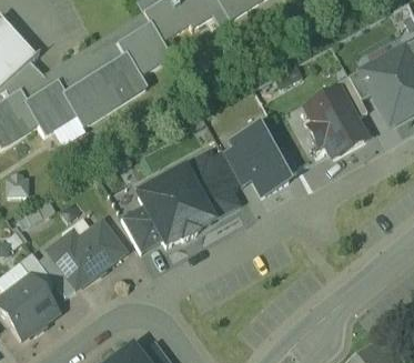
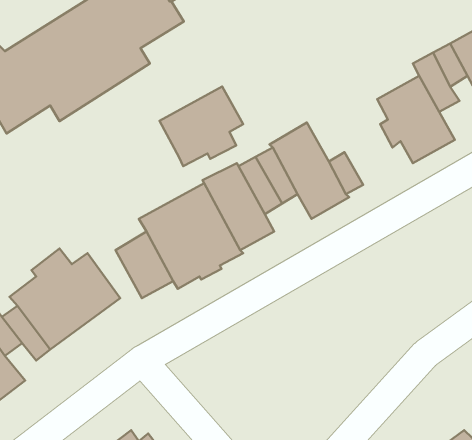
building: none -> [160,87,243,166]

